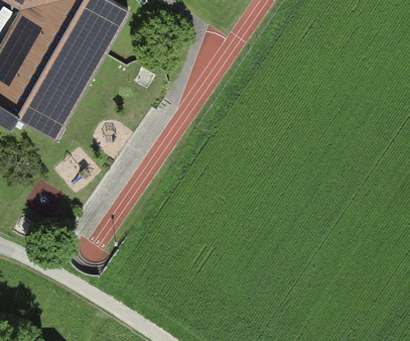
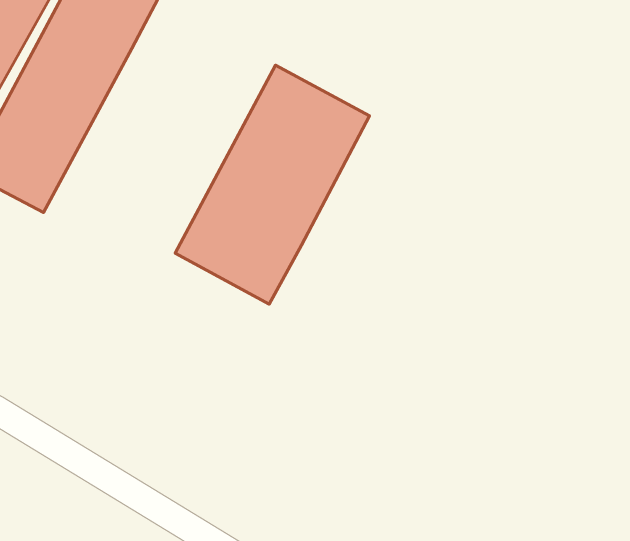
building: none -> [175,65,370,304]

